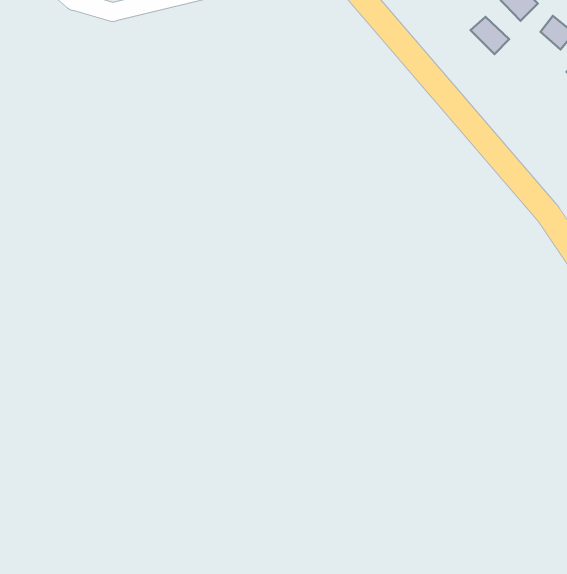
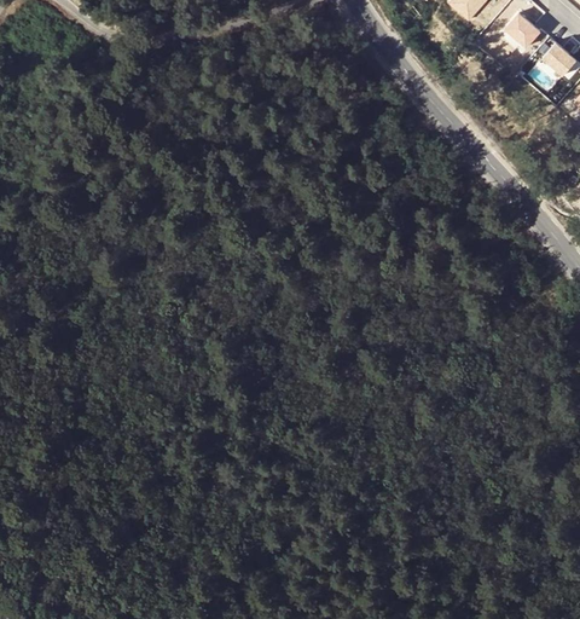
building: [471,17,509,54] -> none

